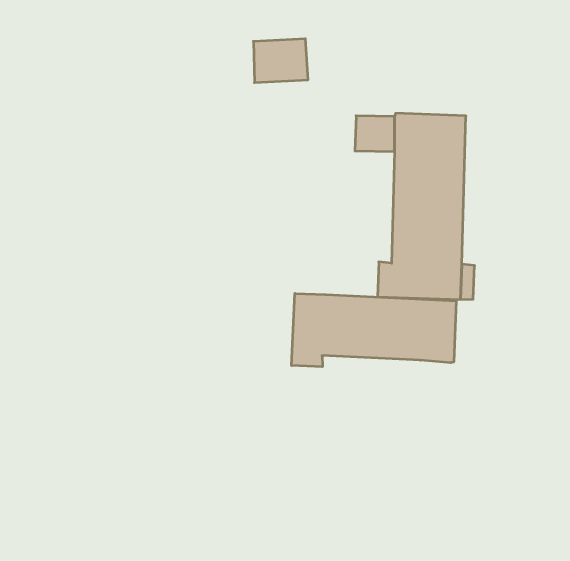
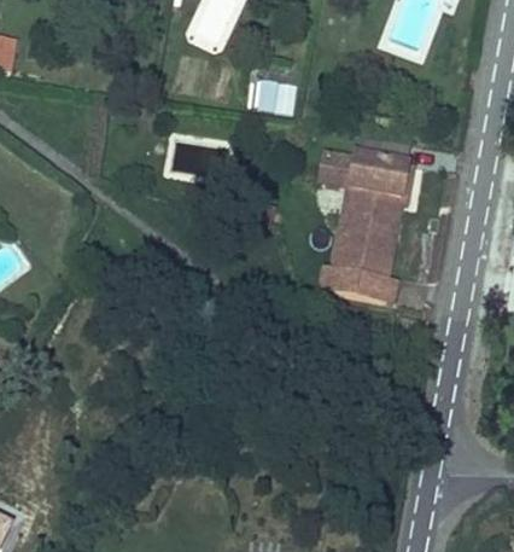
building: [292,293,456,367] -> none

